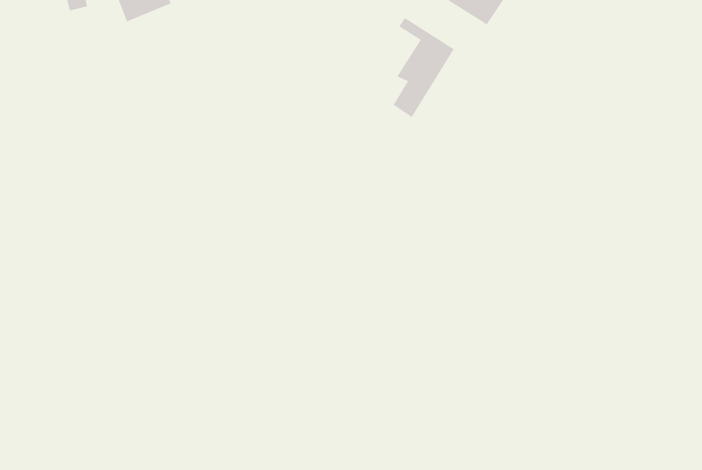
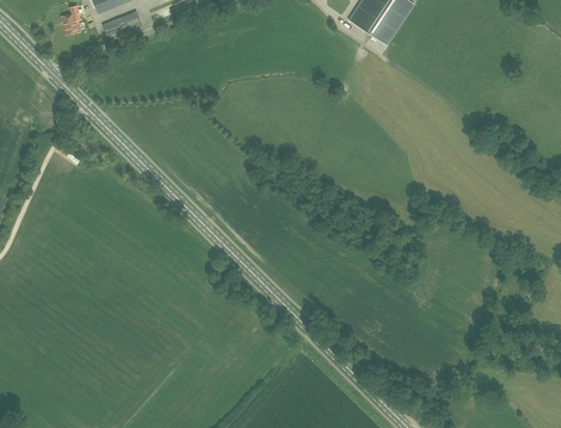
building: [393,17,455,118] -> none

